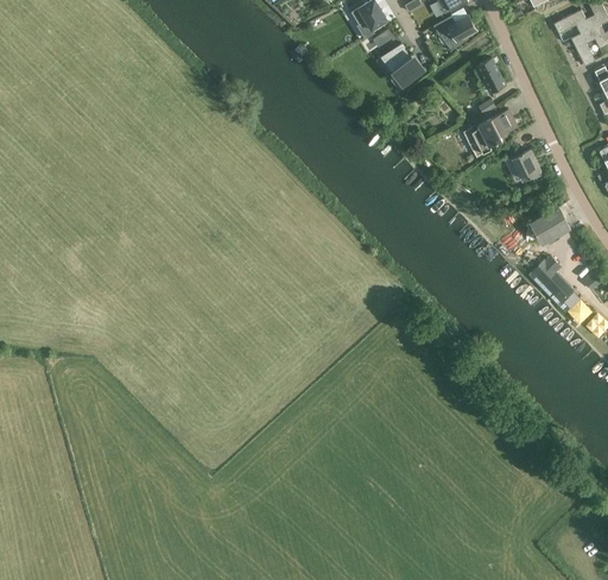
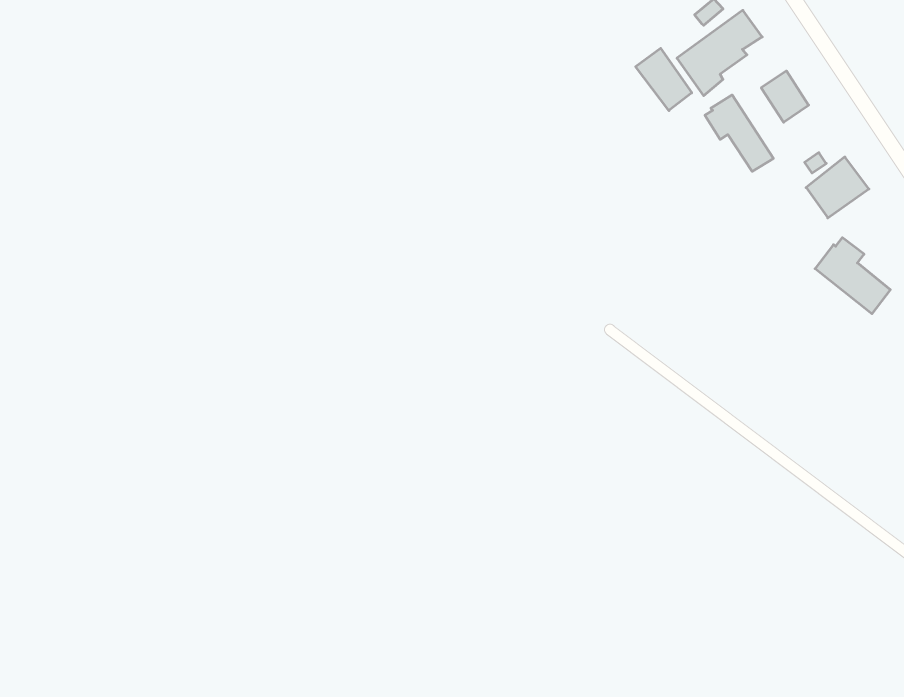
building: none -> [636,48,692,111]
building: none -> [705,95,773,171]

